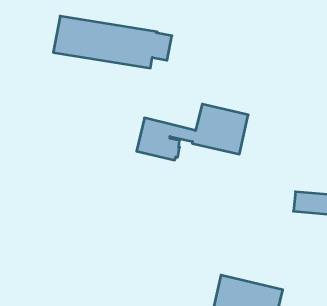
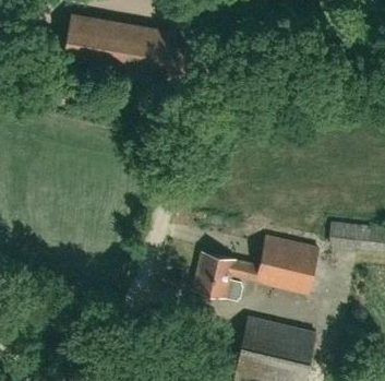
building: [137,104,248,160] -> [195,235,320,297]

